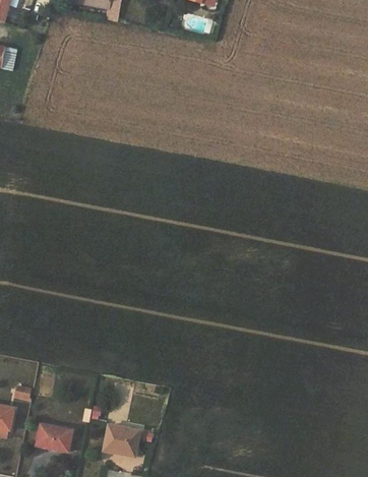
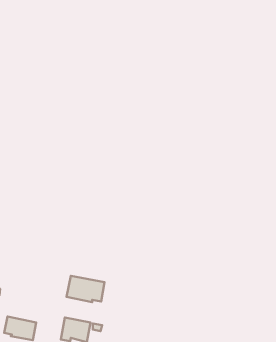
building: none -> [67,276,105,302]

